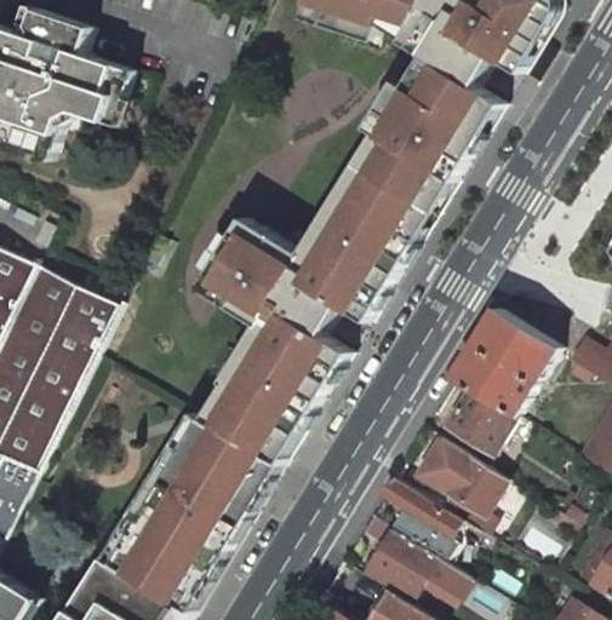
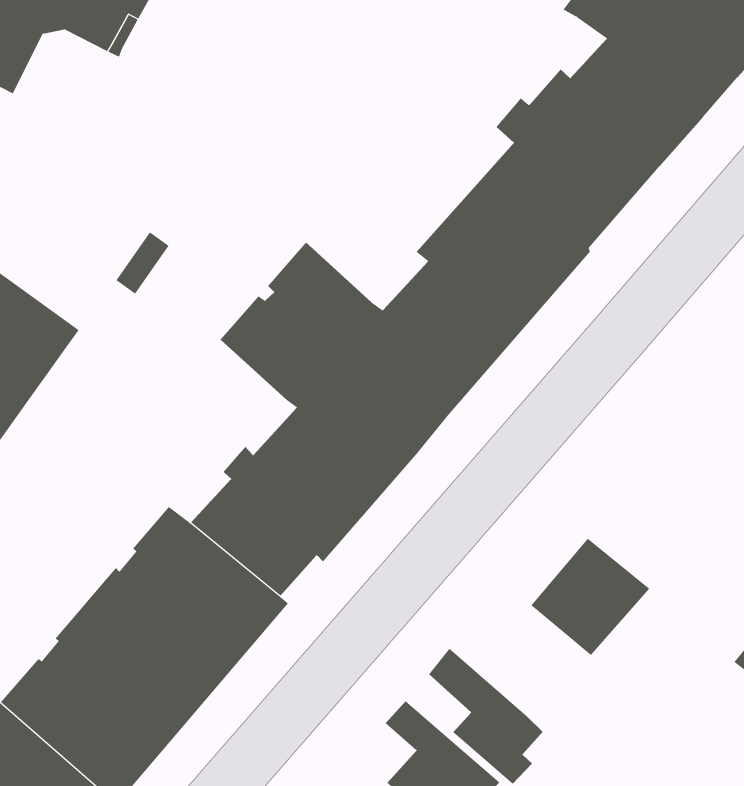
building: [450,305,555,413] -> none
building: [414,436,503,529] -> none

